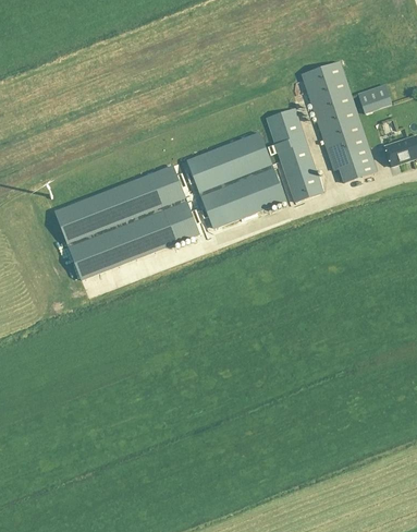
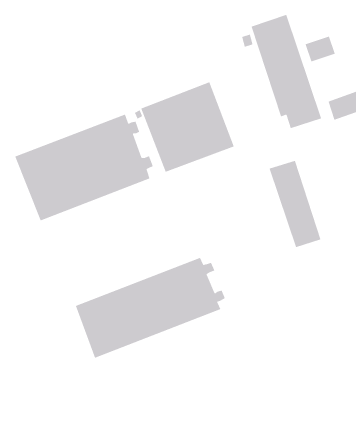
building: [267,107,322,199] -> [268,160,322,248]
building: none -> [75,257,226,359]

